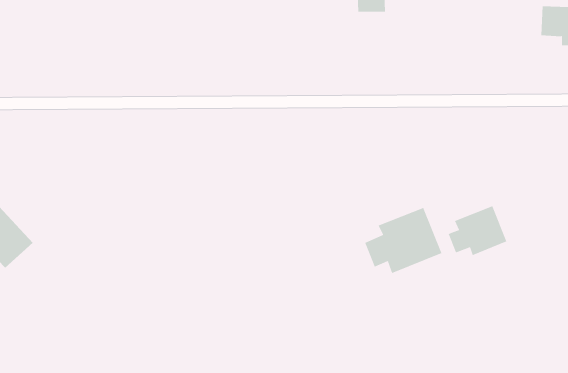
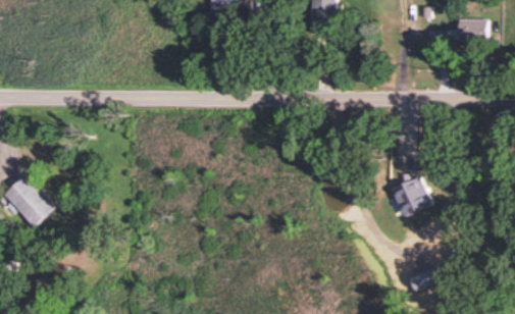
building: [364,207,442,274] -> none

